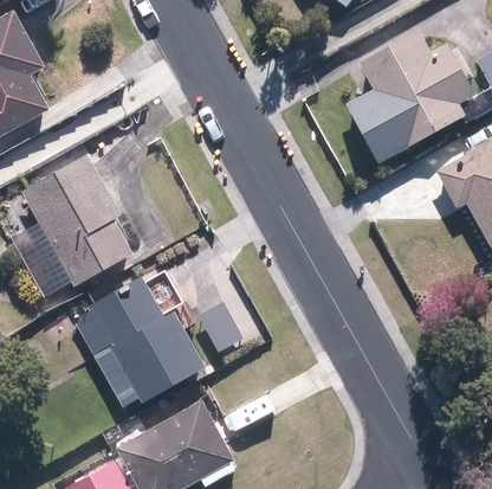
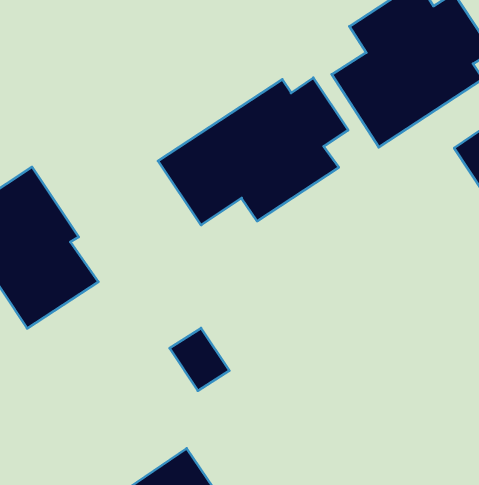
building: none -> [158,78,348,225]
building: [64,277,202,404] -> none

